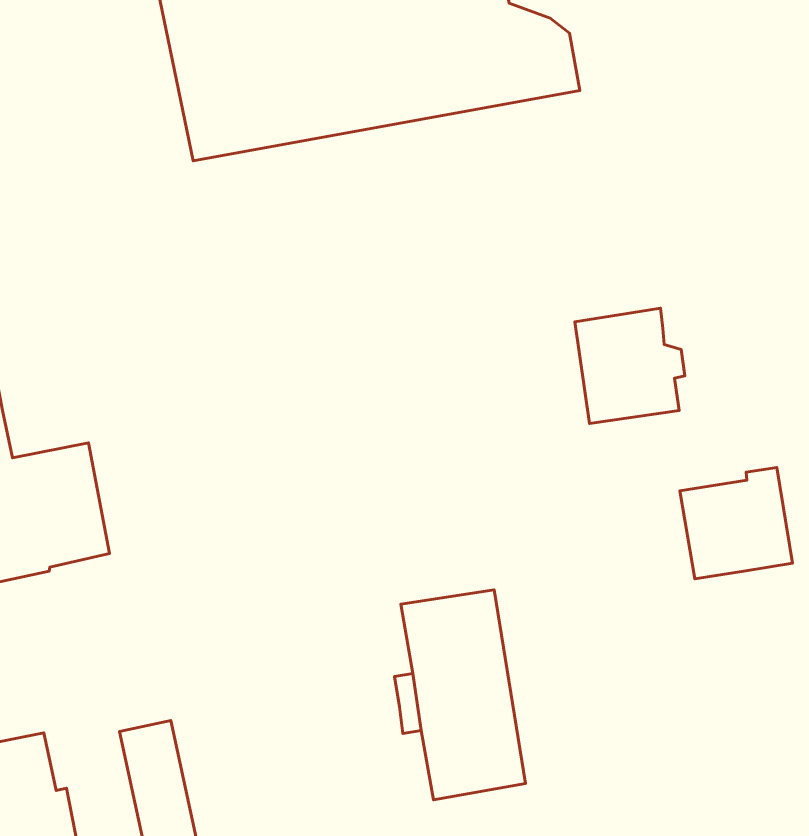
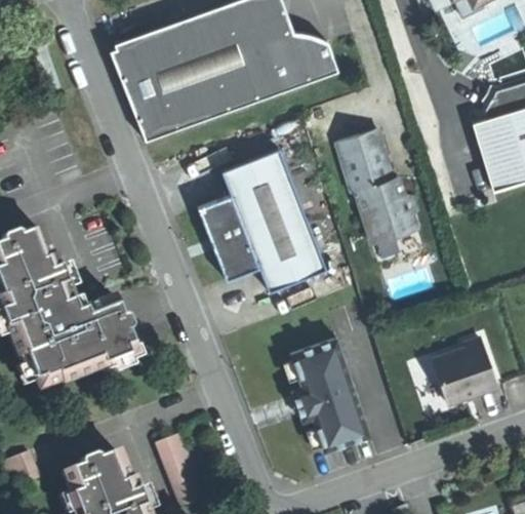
building: none -> [334,129,392,193]
building: none -> [197,148,326,291]
building: [680,467,793,579] -> [432,339,496,403]

